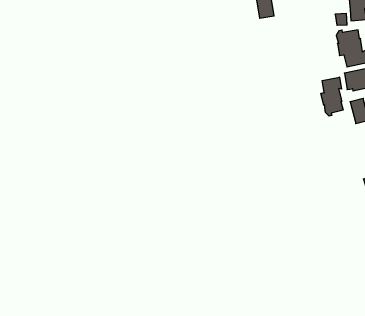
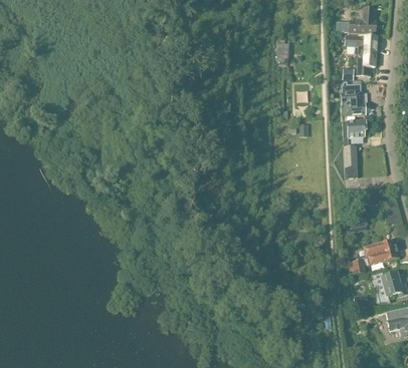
building: [321,77,343,116] -> none

